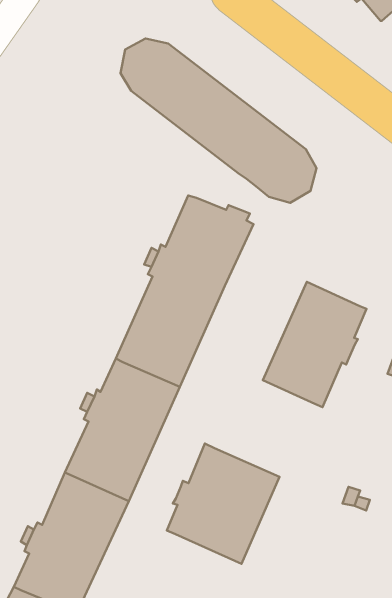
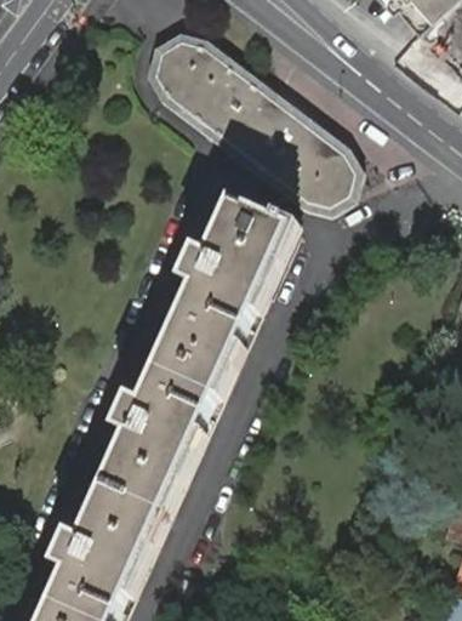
building: [263,282,367,407] -> none
building: [167,444,280,564] -> none

